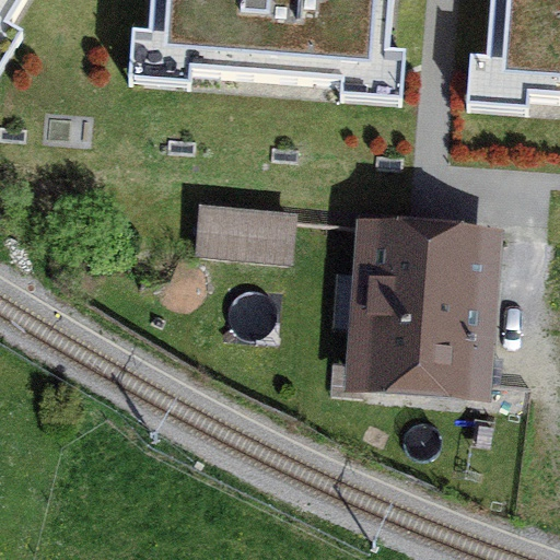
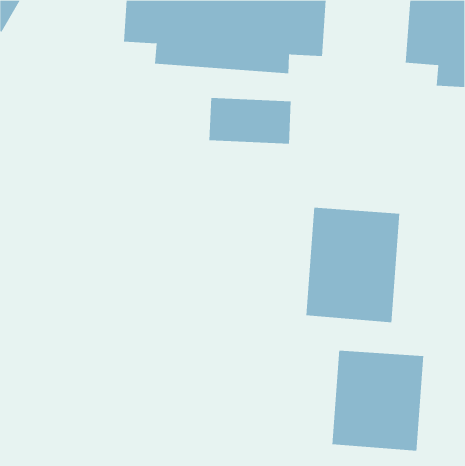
building: [197,200,296,256] -> [209,98,292,144]
building: none -> [332,350,424,451]

